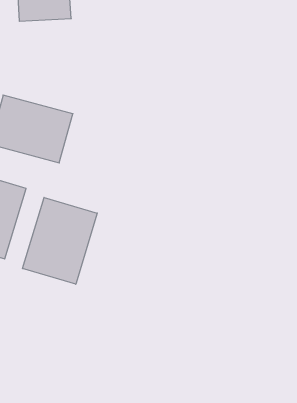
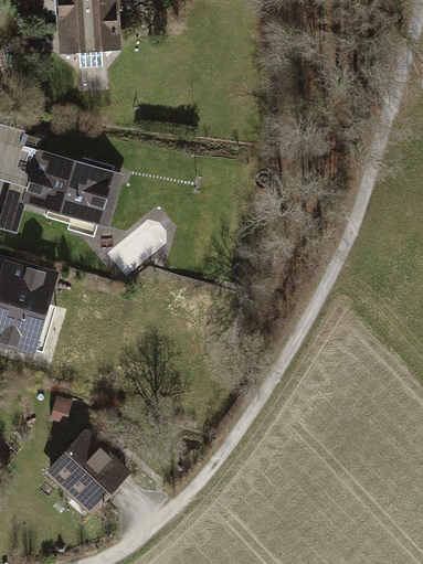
building: [23,197,97,284] -> none
building: none -> [44,424,134,512]

